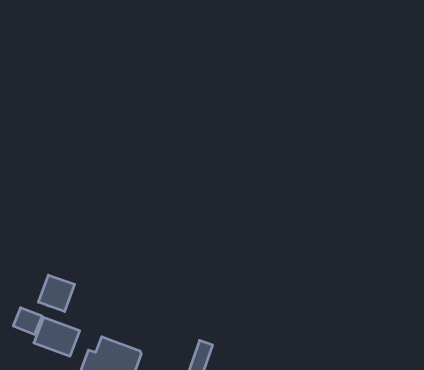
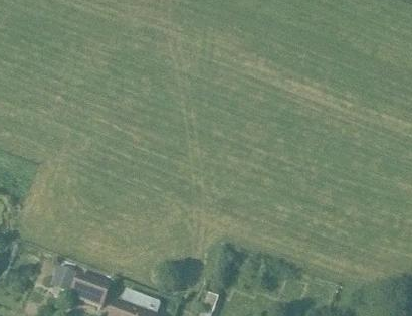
building: [38,275,75,312] -> none

